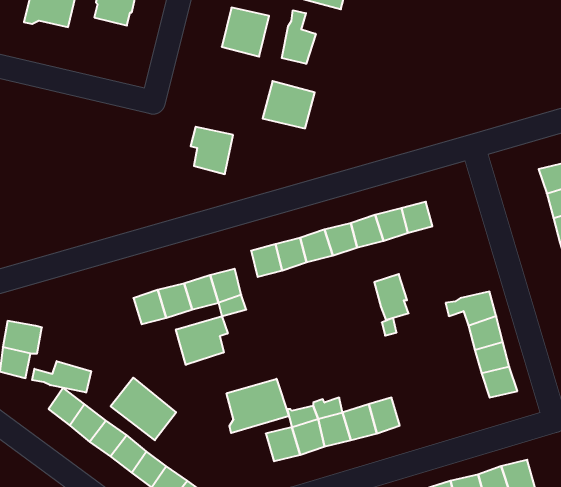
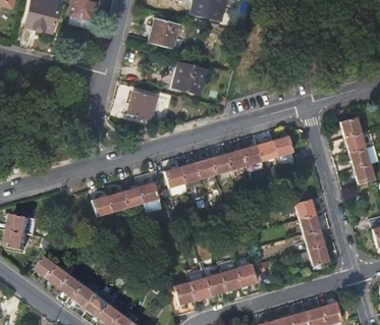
building: [282,10,316,64] -> none
building: [374,274,409,320] -> [274,136,295,164]
building: [176,316,228,365] -> none
building: [32,361,91,393] -> none
building: [111,378,176,440] -> none
building: [227,379,289,433] -> none

